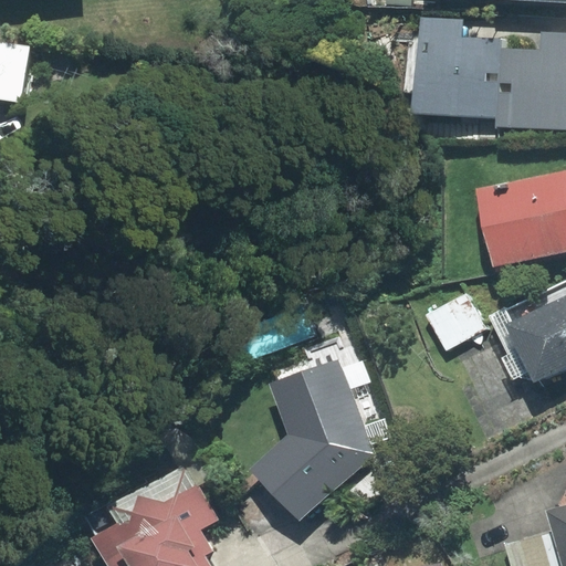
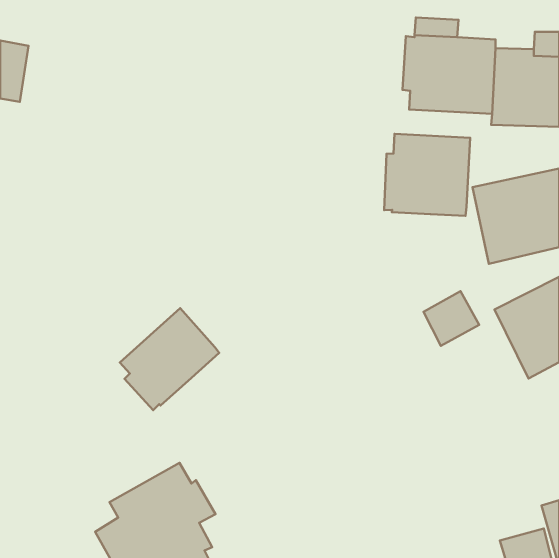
building: none -> [384,134,470,216]
building: none -> [120,308,219,410]
building: [251,337,390,523] -> none

